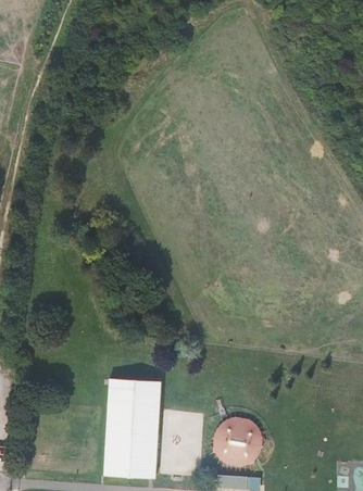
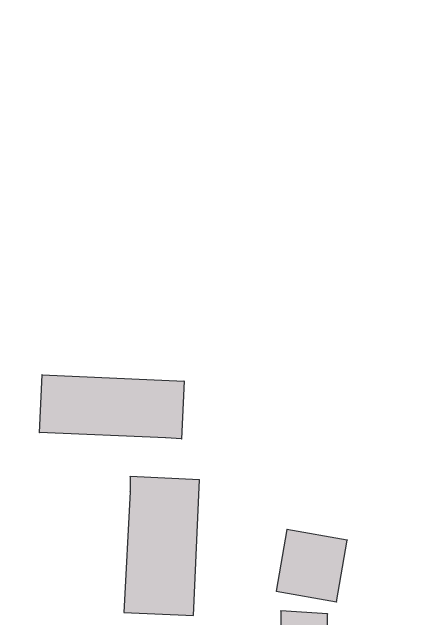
building: none -> [39,375,184,439]

